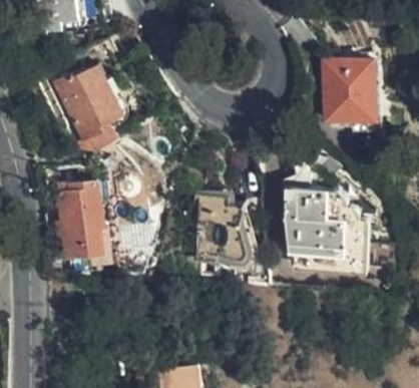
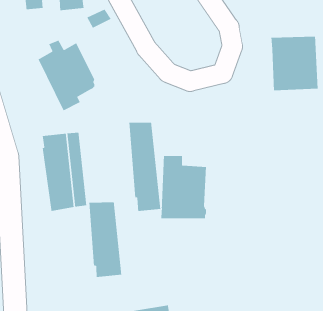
building: none -> [128,122,161,212]
building: [286,184,352,273] -> none
building: none -> [89,201,122,278]

